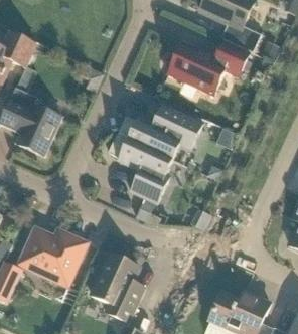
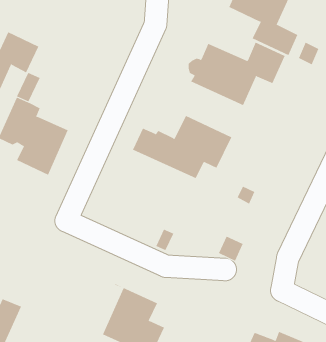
building: [109,134,172,203] -> none
building: [20,227,88,287] -> none

